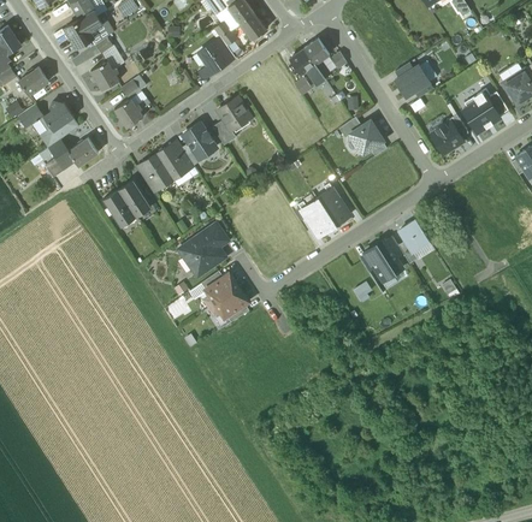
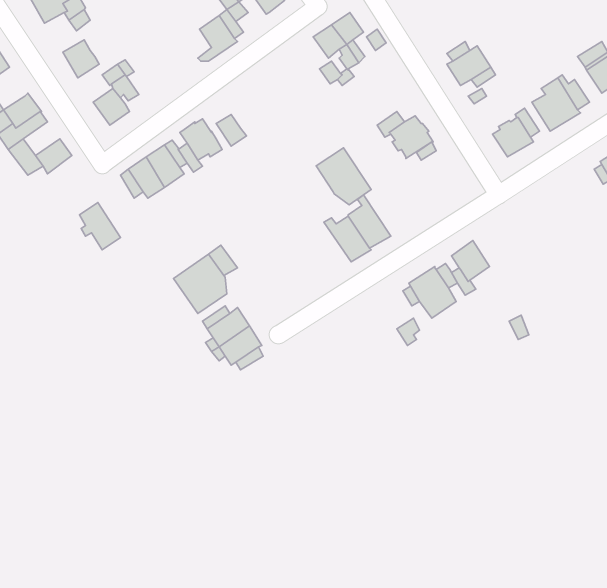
building: [218,97,250,130] -> none
building: none -> [316,148,371,205]
building: [118,179,152,216] -> none

